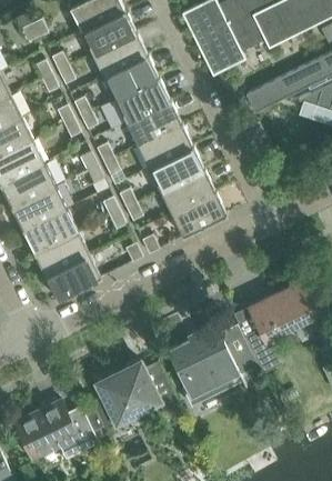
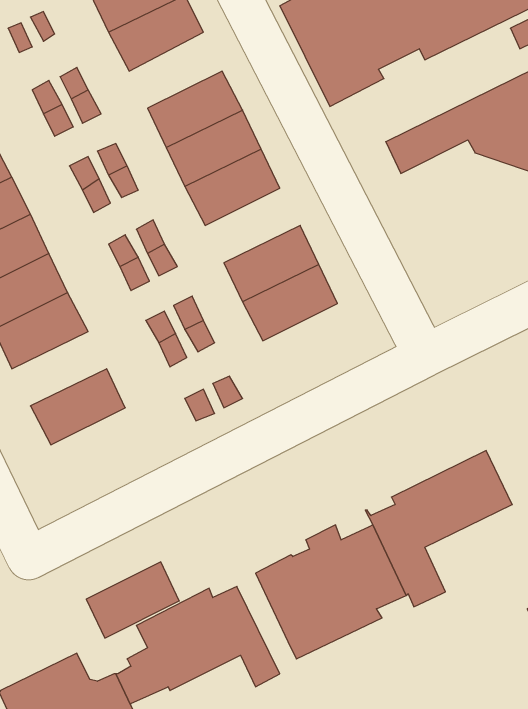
building: [92,30,148,76] -> none
building: [138,123,194,168] -> none
building: [172,192,228,238] -> none
building: [22,209,79,253] -> none
building: [46,254,101,300] -> [86,562,179,638]

